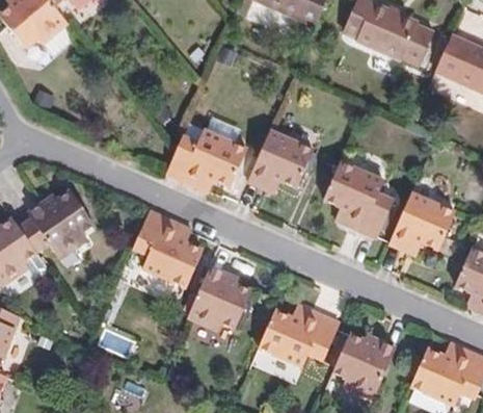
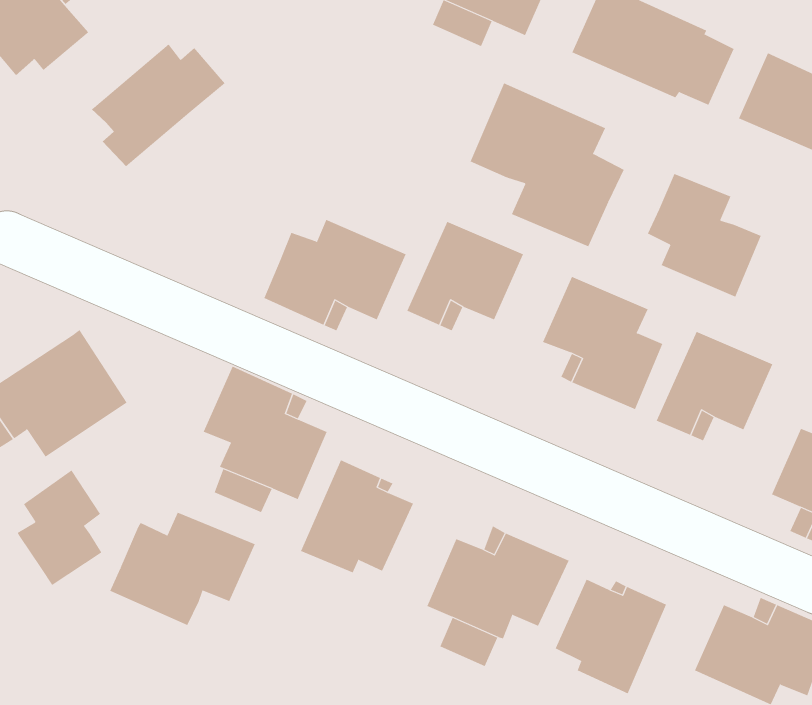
building: none -> [91,44,226,167]
building: none -> [470,82,624,247]
building: none -> [647,173,761,298]
building: none -> [17,470,102,586]
building: none -> [110,512,255,626]

